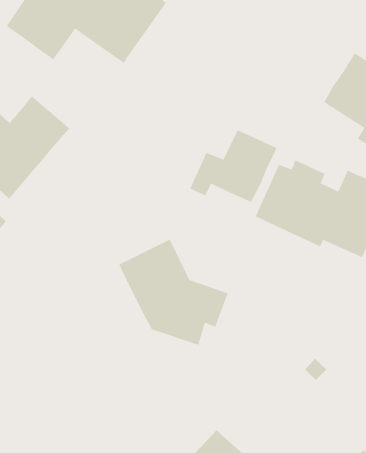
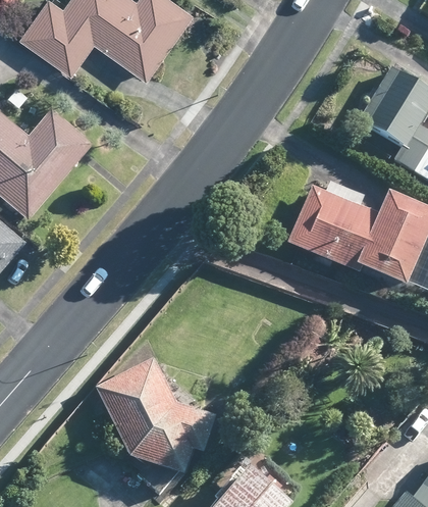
building: [189,129,277,203] -> none
building: [119,239,228,346] -> [97,358,214,472]

